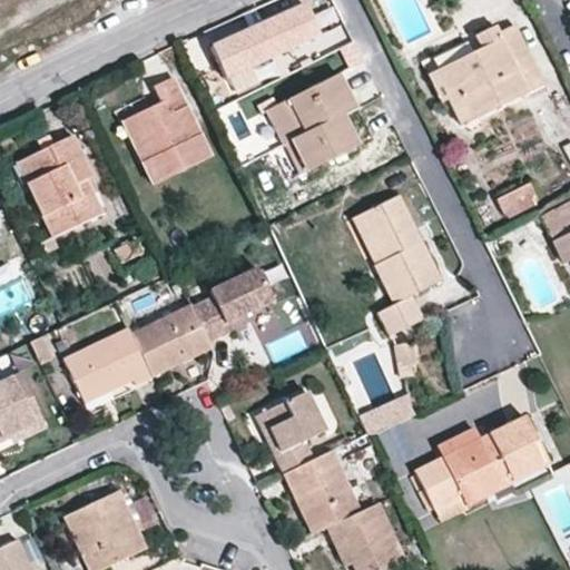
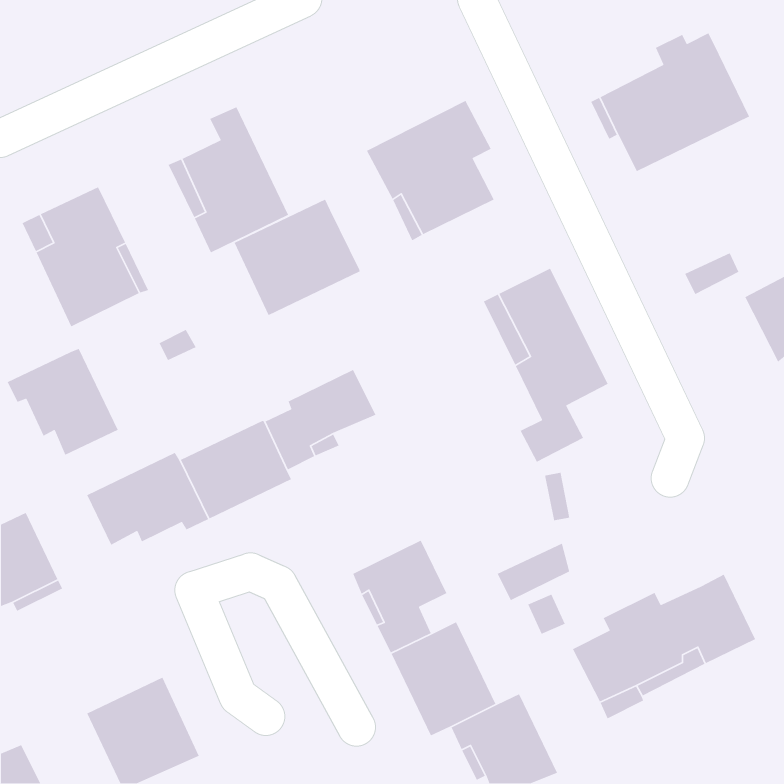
building: [219,10,323,80] -> none
building: none -> [233,198,360,316]
building: none -> [7,348,119,456]

